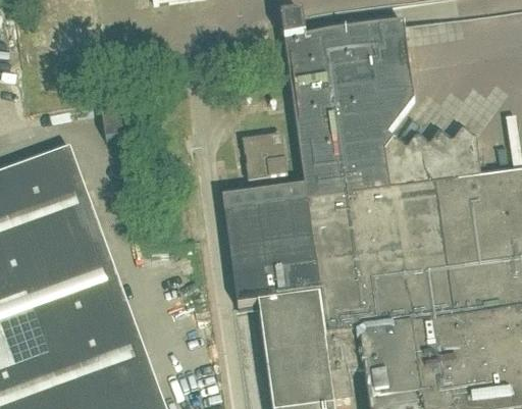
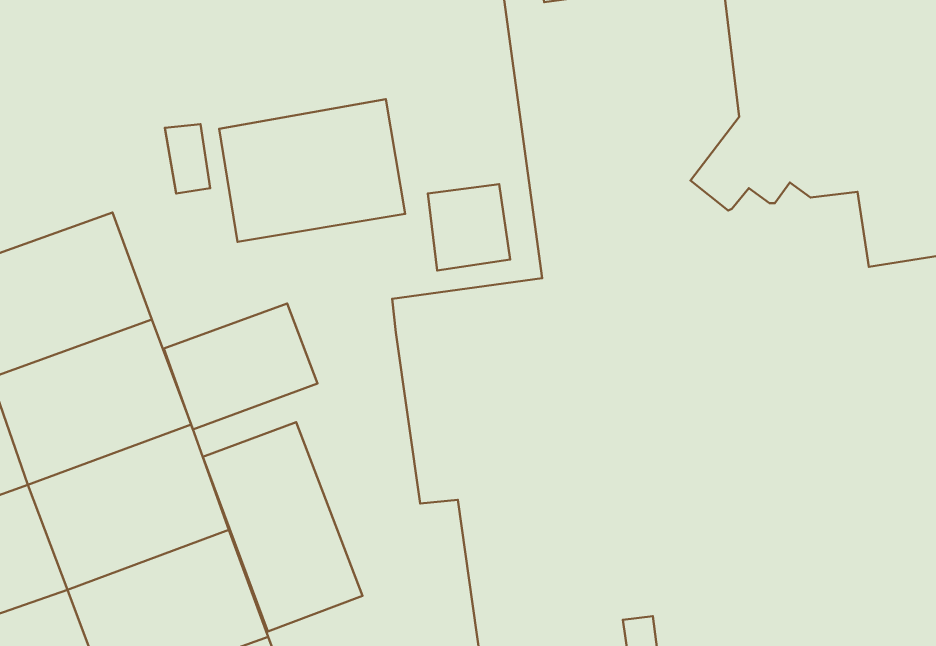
building: none -> [219,99,405,242]
building: none -> [164,303,318,429]
building: none -> [203,422,362,631]

